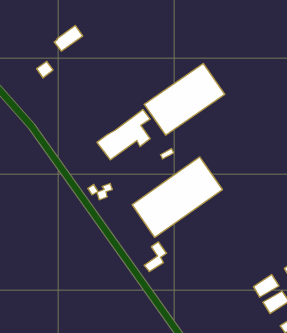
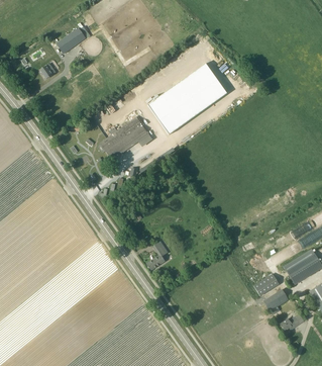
building: [132,157,222,237] -> none

